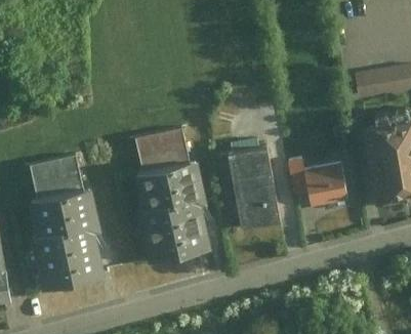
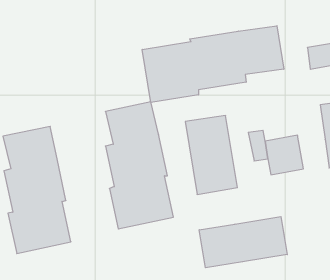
building: none -> [142,26,284,102]
building: none -> [199,217,287,268]

